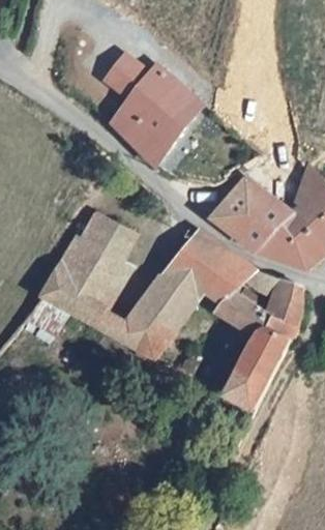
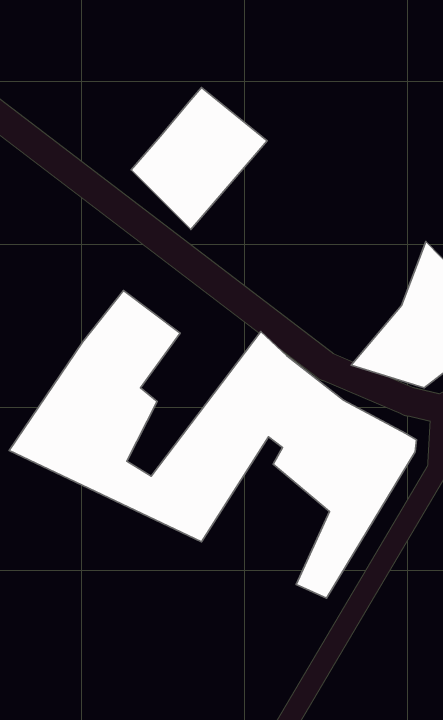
building: [107,55,149,96] -> none
building: [214,175,292,252] -> none

